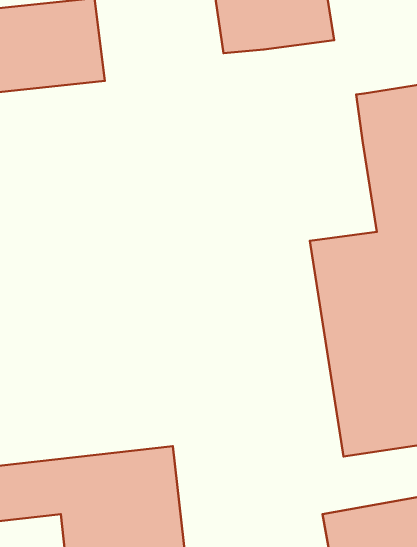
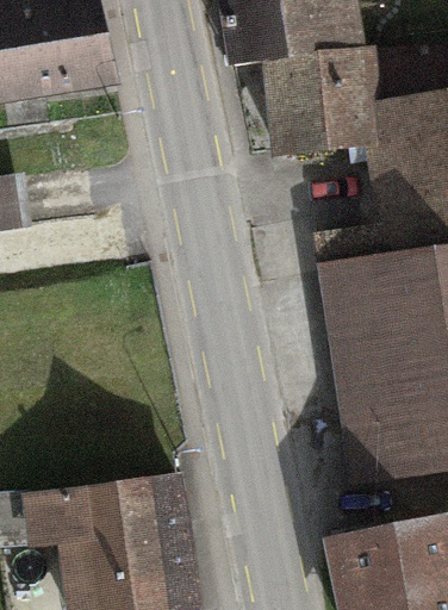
building: none -> [276,50,380,161]

